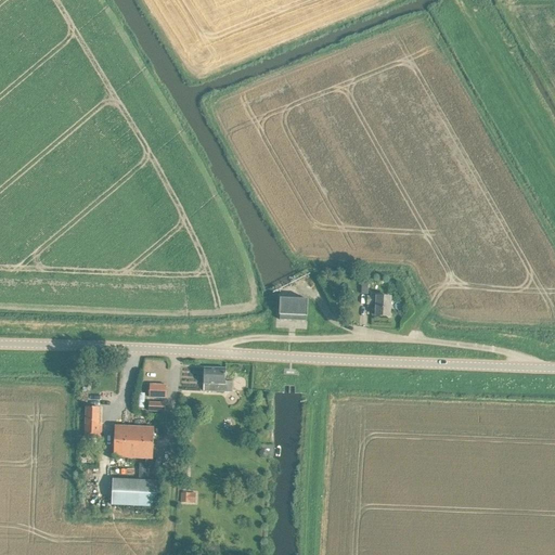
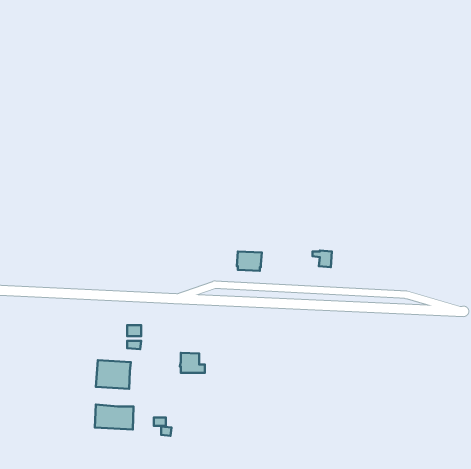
building: [203,365,232,389] -> [180,353,205,373]
building: [85,405,102,437] -> none

